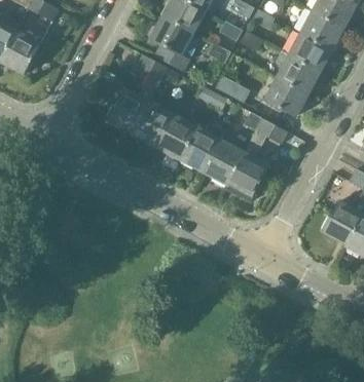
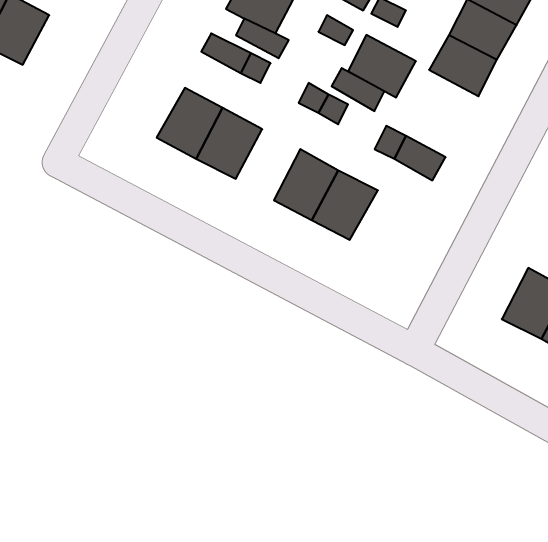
building: [264,77,306,116] -> [348,35,416,98]
building: [155,114,195,158] -> none
building: [226,152,267,196] -> none

